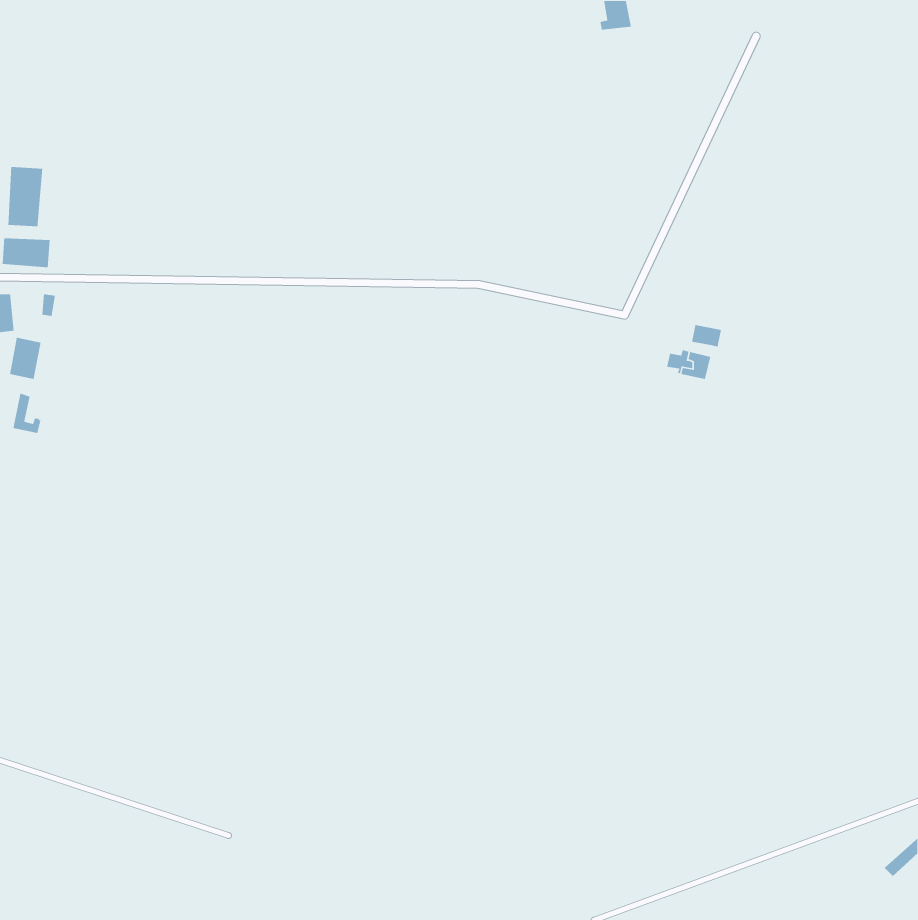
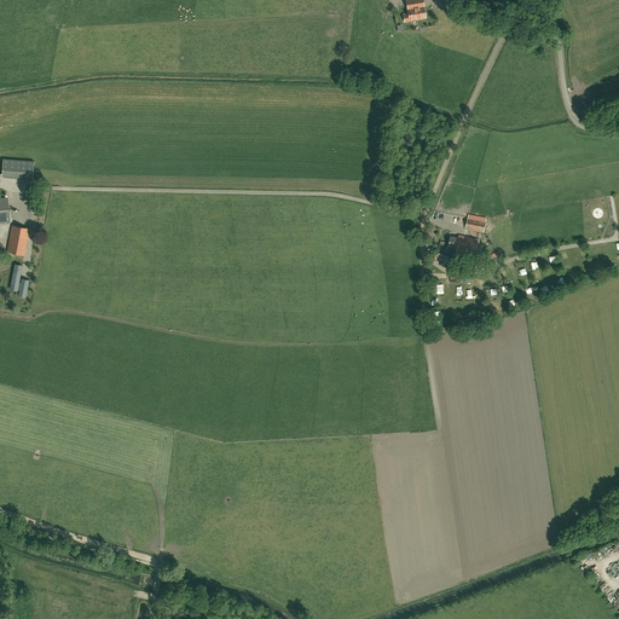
building: [7,166,43,227] -> none

